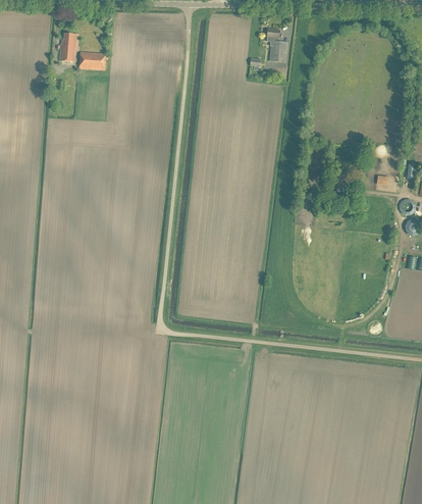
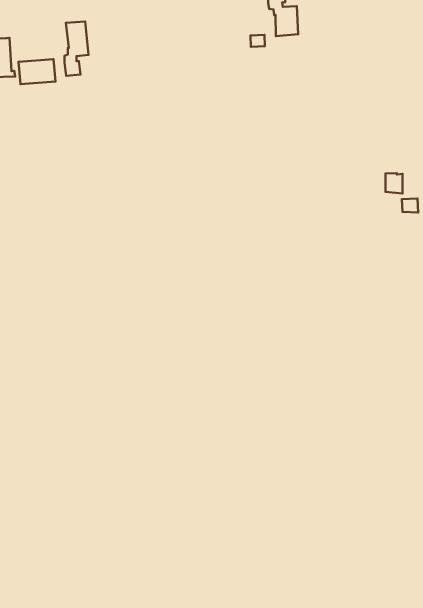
building: none -> [64,21,88,76]

